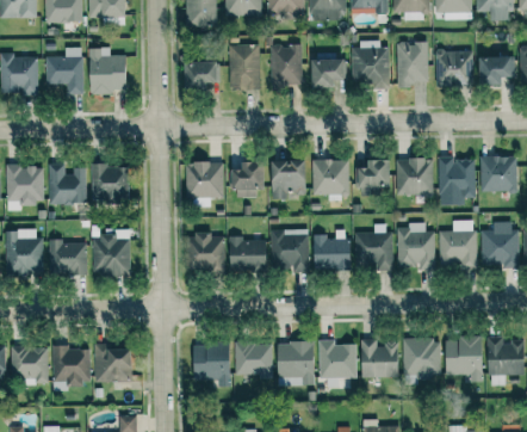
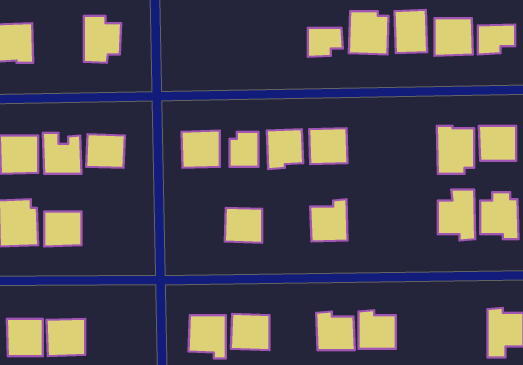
building: [230,44,261,90] -> none
building: [272,44,303,87] -> none
building: [46,47,85,94] -> none
building: [185,62,217,90] -> none
building: [397,159,434,196] -> none
building: [358,160,390,189] -> none
building: [355,223,393,271] -> none
building: [397,223,436,269] -> none
building: [272,229,310,271] -> none
building: [187,232,225,272] -> none
building: [93,236,131,274] -> none
building: [445,337,483,382] -> none
building: [403,339,441,377] -> none
building: [277,342,315,387] -> none
building: [94,344,132,382] -> none

